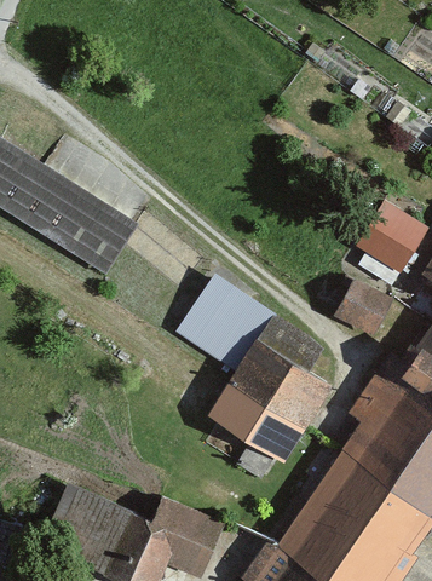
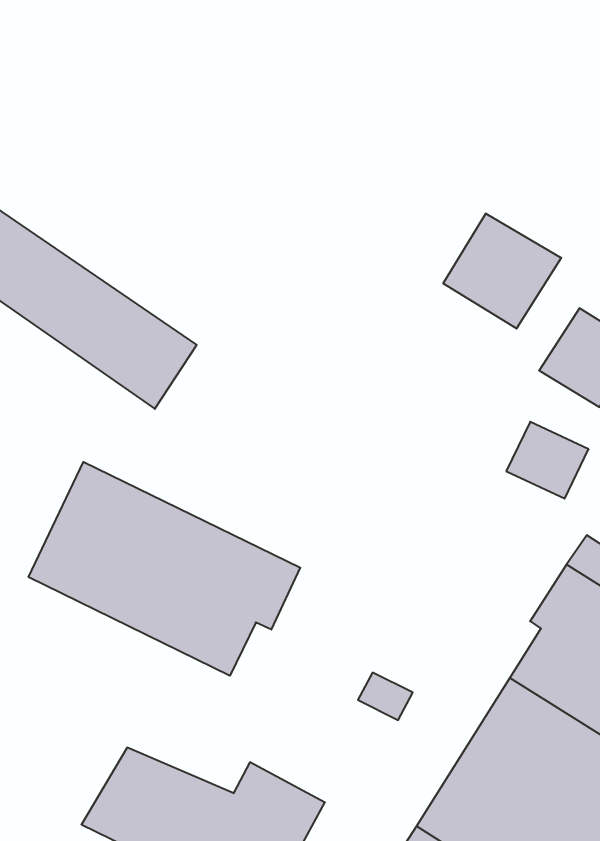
building: none -> [443,213,561,329]
building: [179,280,329,459] -> none
building: none -> [29,462,300,676]

